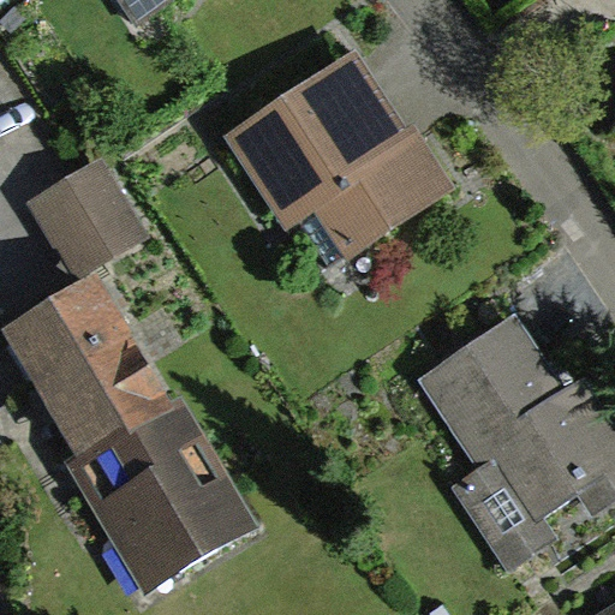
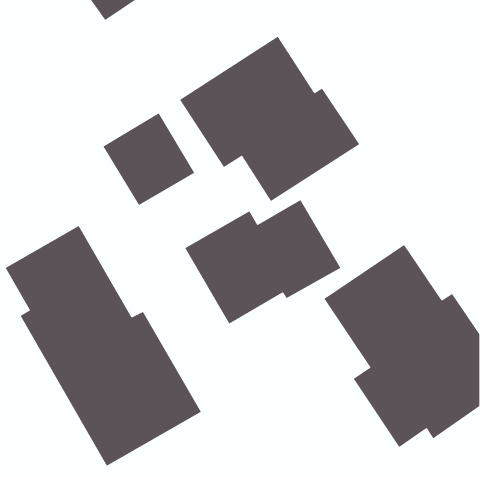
building: [29,160,147,279] -> [103,113,195,206]
building: none -> [185,199,341,324]

